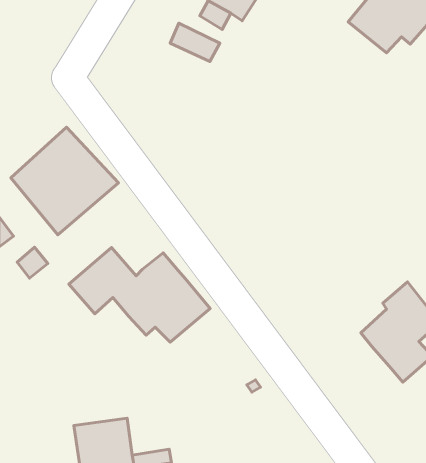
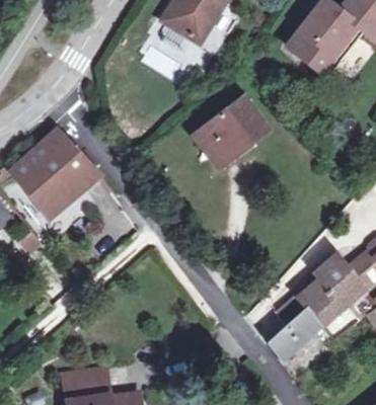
building: none -> [194,97,268,166]
building: [69,248,210,342] -> none
building: none -> [270,309,320,360]

